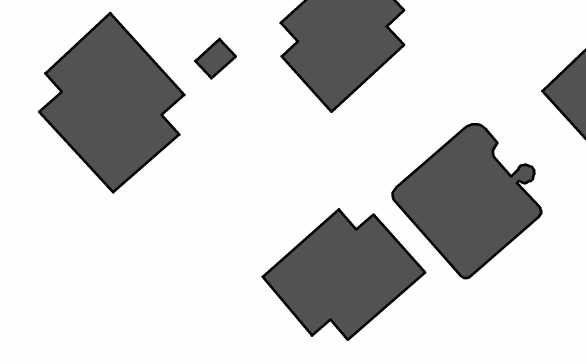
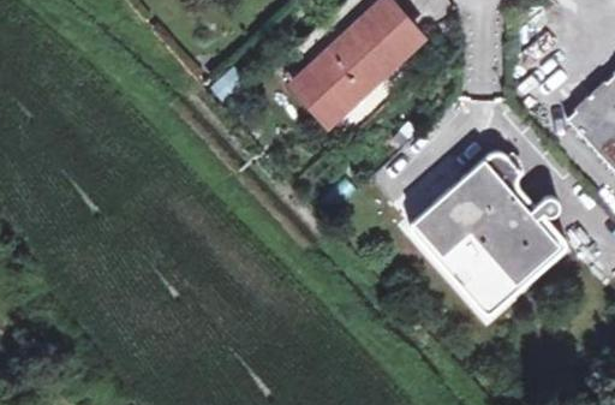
building: [39,13,184,192] -> none
building: [263,209,425,340] -> none

